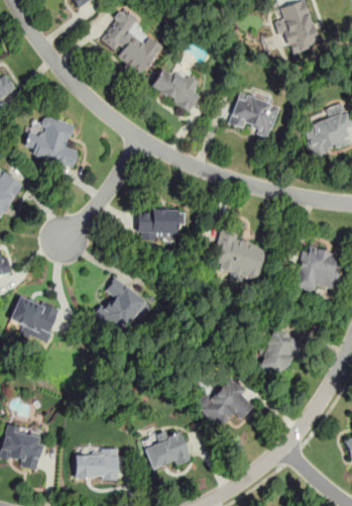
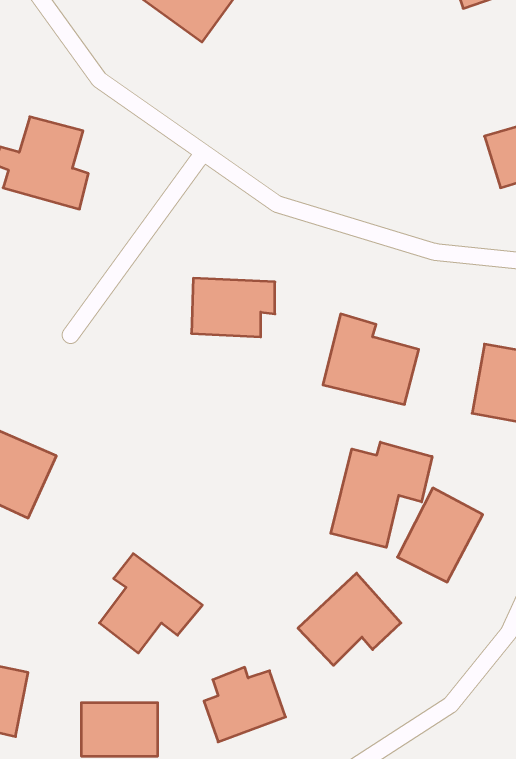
building: [148,68,199,113] -> none
building: [227,92,279,137] -> none
building: [95,277,153,333] -> [99,554,202,653]
building: none -> [331,442,432,547]

